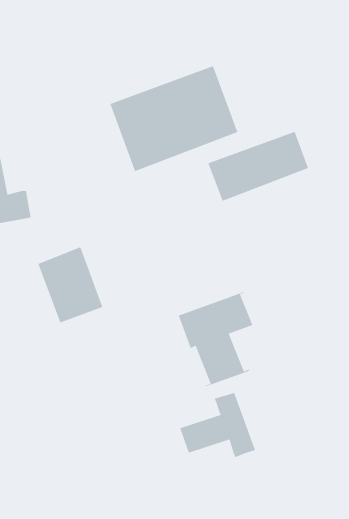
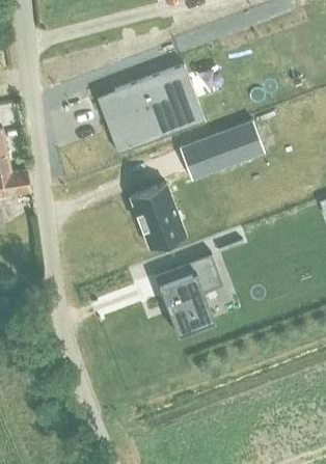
building: [38,246,103,323] -> [130,184,185,248]
building: [179,392,256,458] -> none

